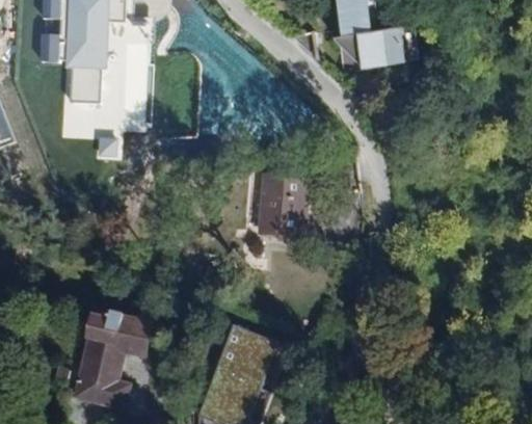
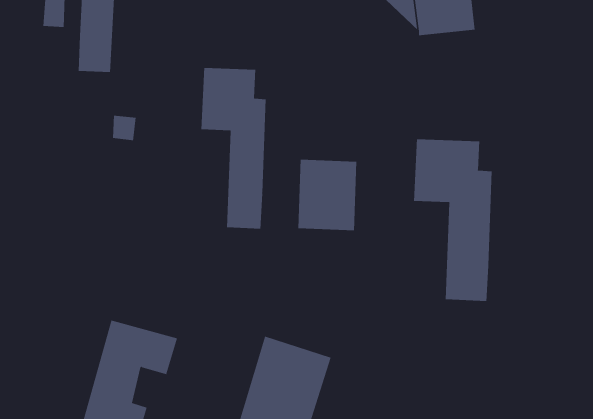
building: none -> [201,67,266,229]
building: none -> [413,138,492,302]

